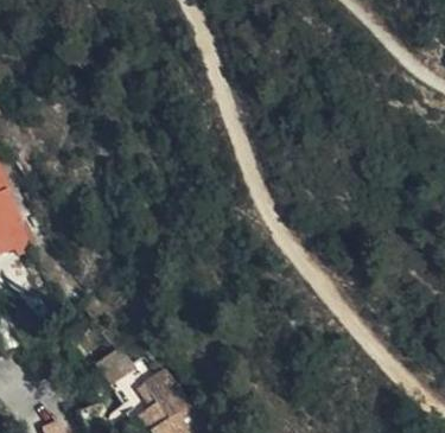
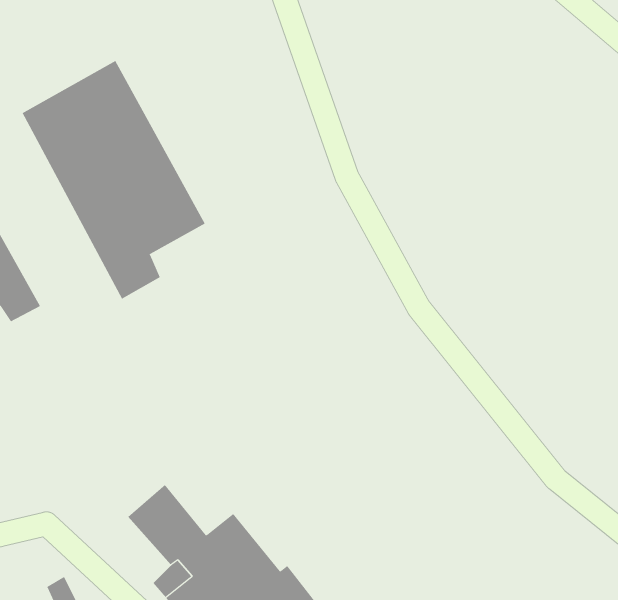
building: none -> [22,60,206,300]

